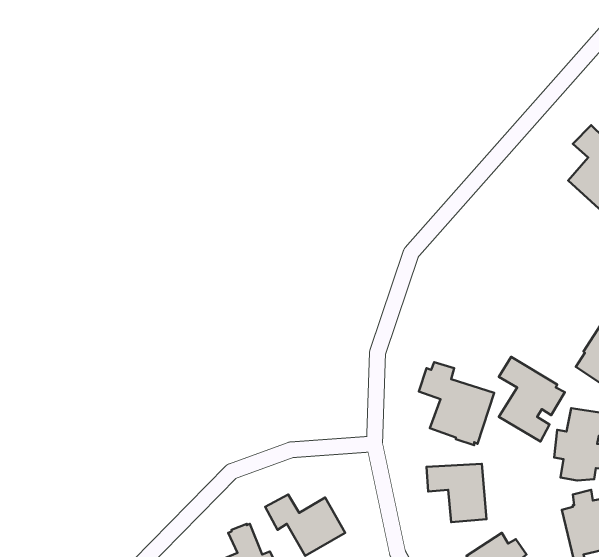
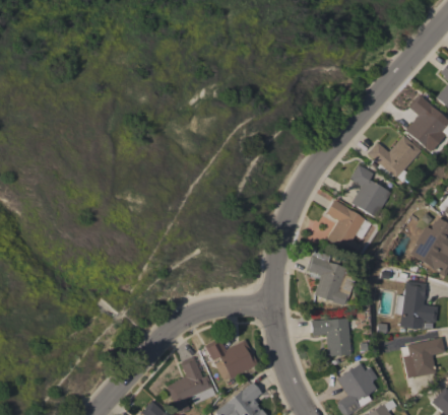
building: none -> [368,135,421,179]
building: none -> [350,164,390,217]
building: [499,357,565,441] -> [326,200,370,256]

